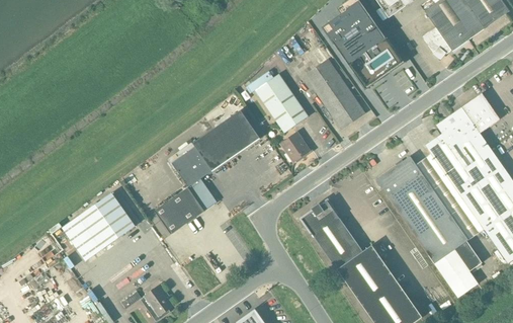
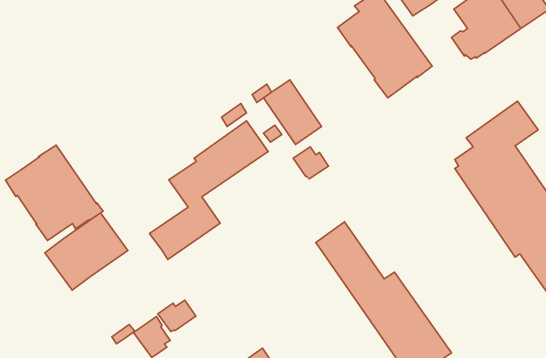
building: [304,58,364,129] -> none
building: none -> [5,145,103,241]
building: [375,152,481,297] -> none
building: none -> [158,300,196,332]

